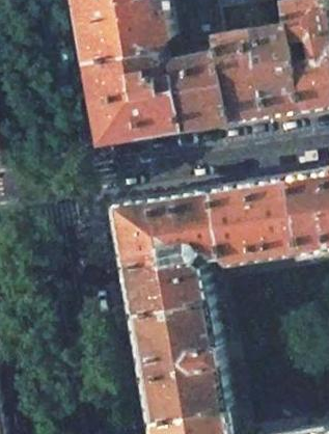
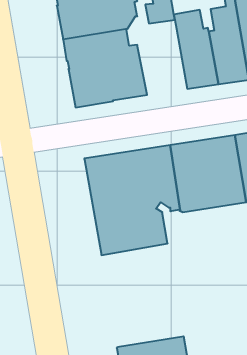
building: [170,53,228,130] -> none
building: [129,302,224,423] -> none

